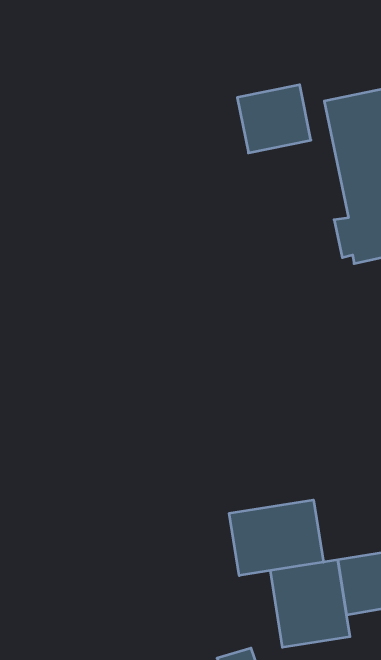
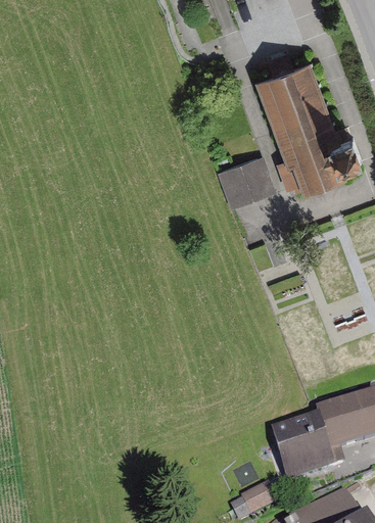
building: [237,85,311,153] -> [217,153,275,208]
building: [229,500,323,576] -> none

